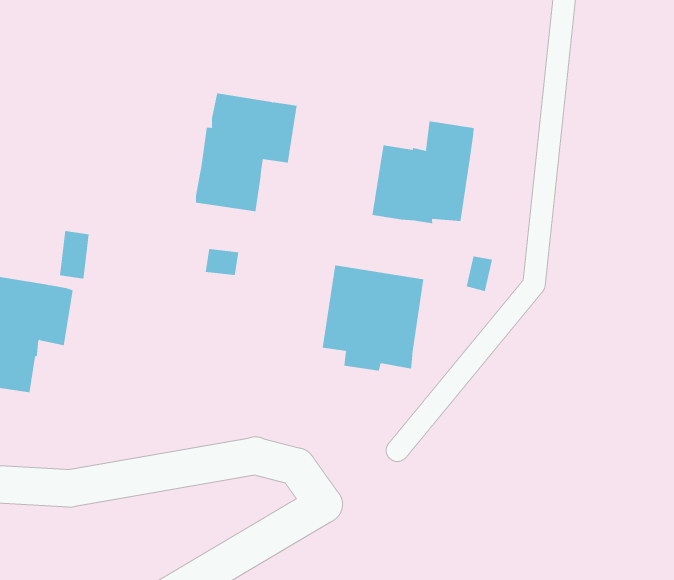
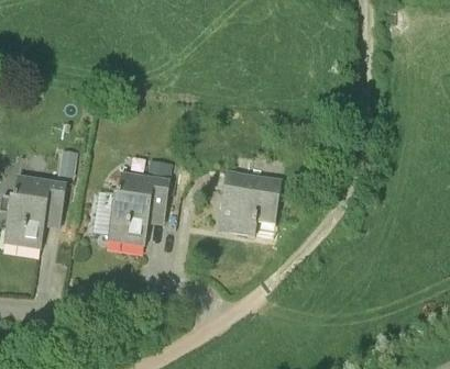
building: [195,93,298,212] -> [107,174,169,246]
building: [372,121,474,224] -> none

